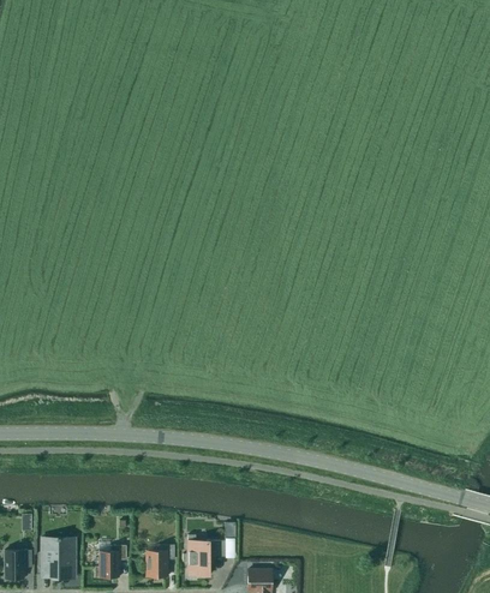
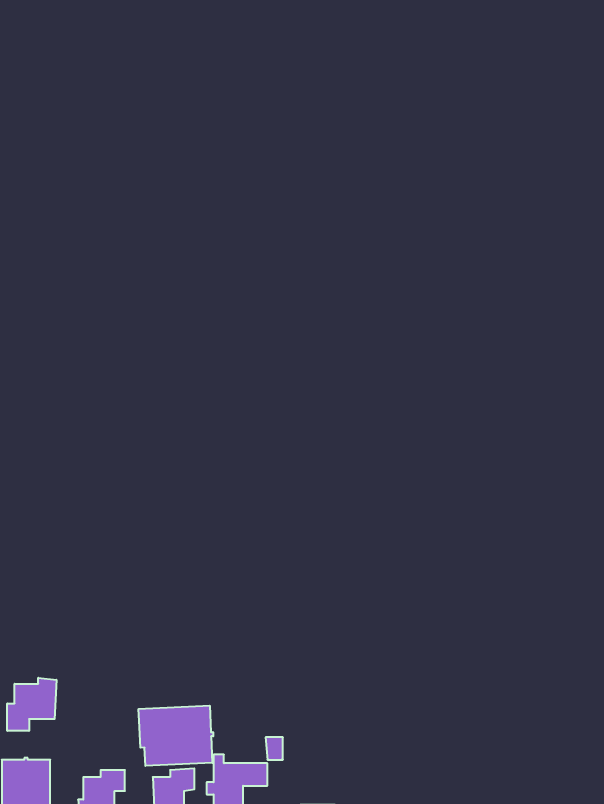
building: none -> [7,678,56,731]
building: none -> [139,706,213,766]

